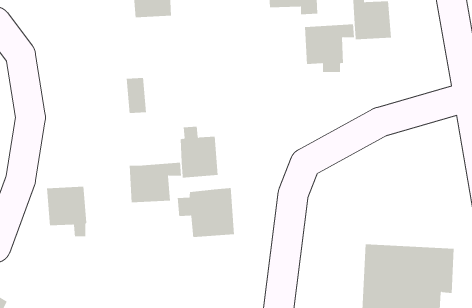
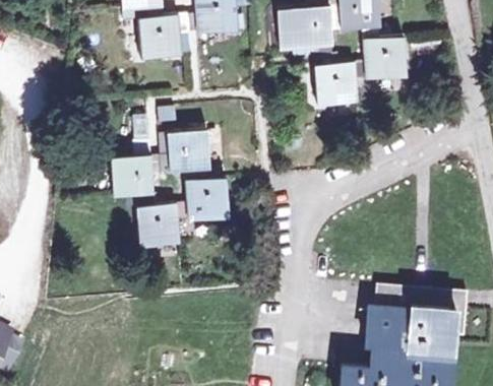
building: none -> [161,129,208,172]
building: [46,186,87,237] -> [109,155,150,207]
building: [177,187,235,238] -> none

